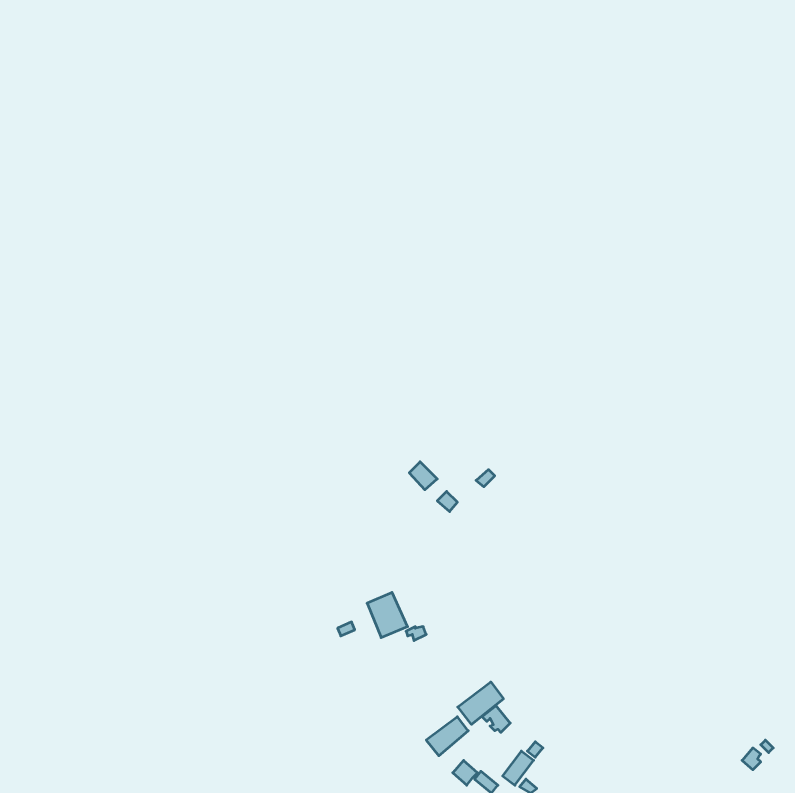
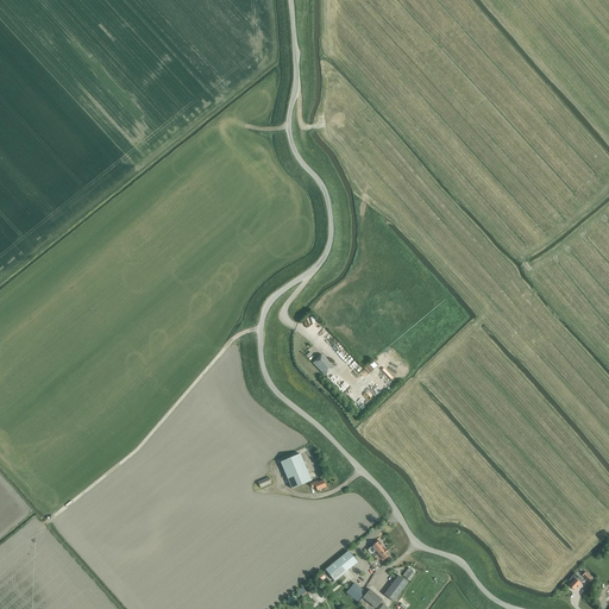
building: [458,682,503,724] -> none

